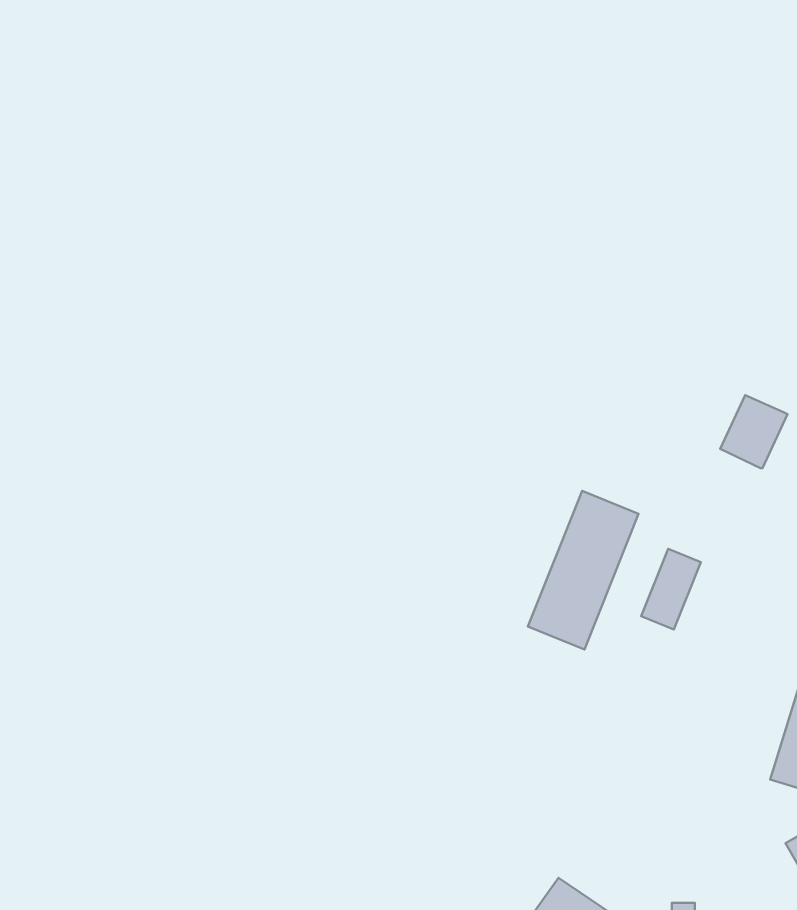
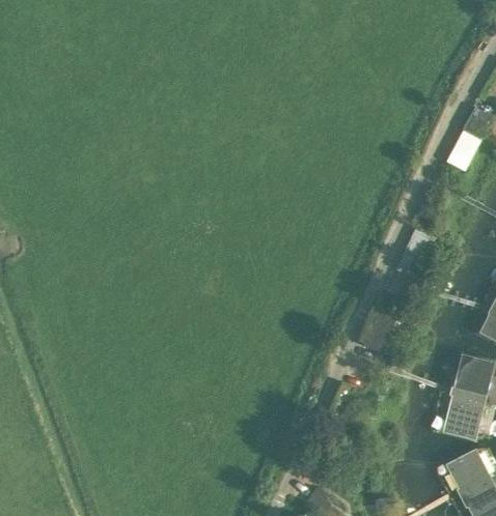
building: [528,491,639,649] -> none

